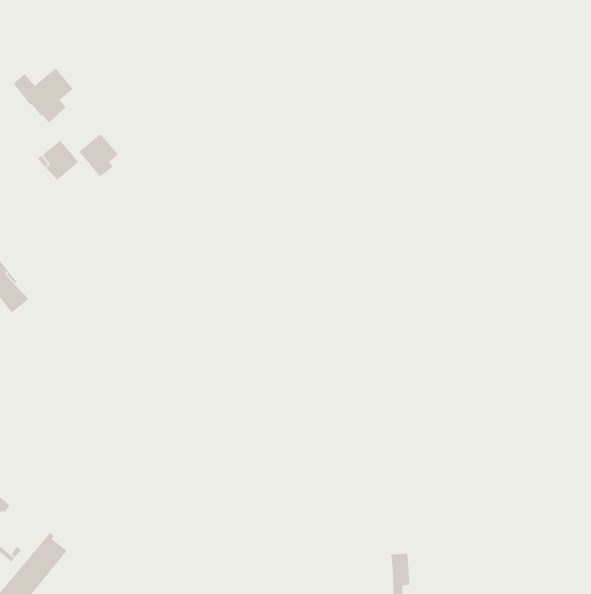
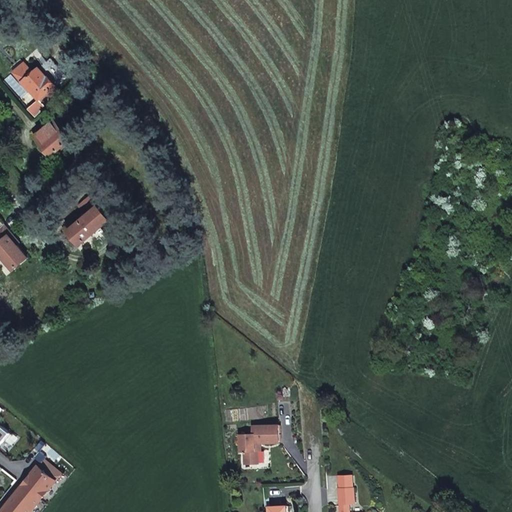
building: [79,133,119,177] -> none
building: none -> [67,197,107,245]
building: none -> [237,425,277,465]

